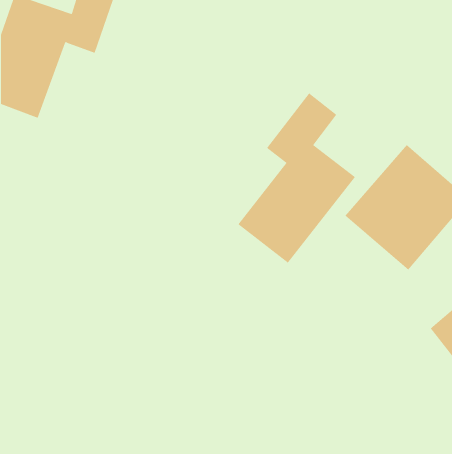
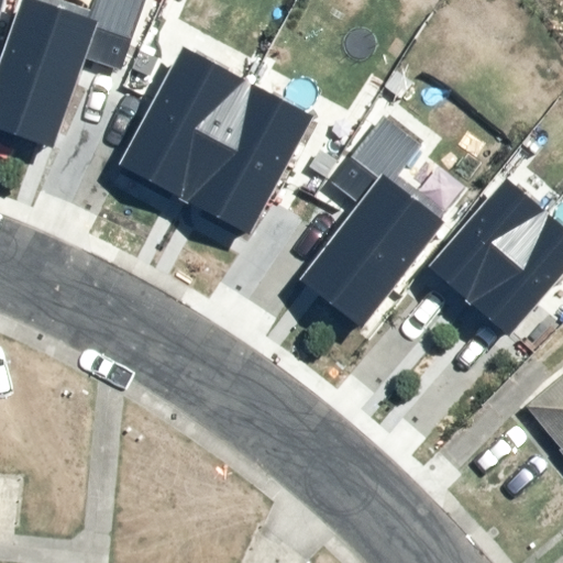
building: none -> [118,44,313,234]

